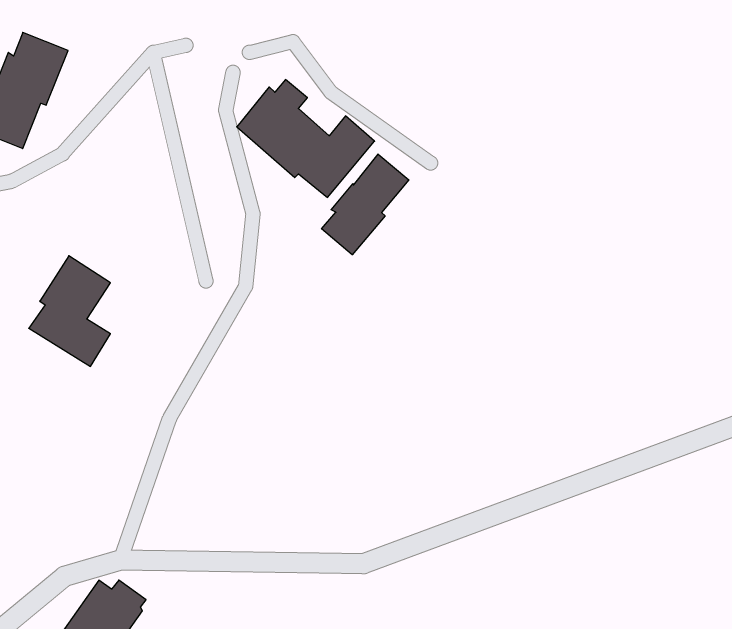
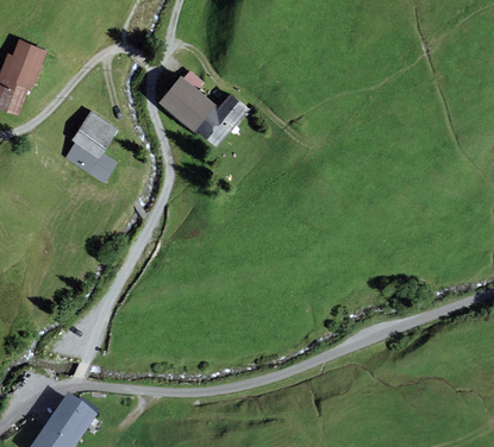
building: [322,154,409,255] -> none
building: [29,256,110,366] -> [63,109,117,182]

